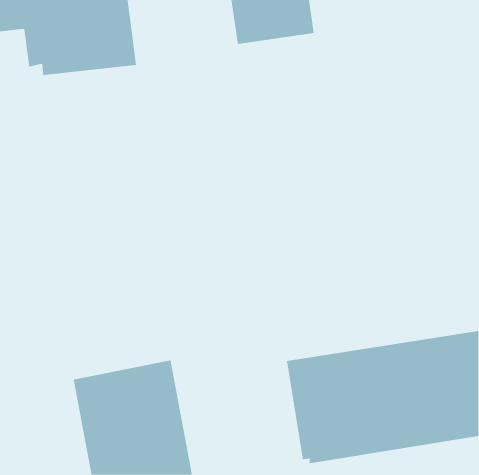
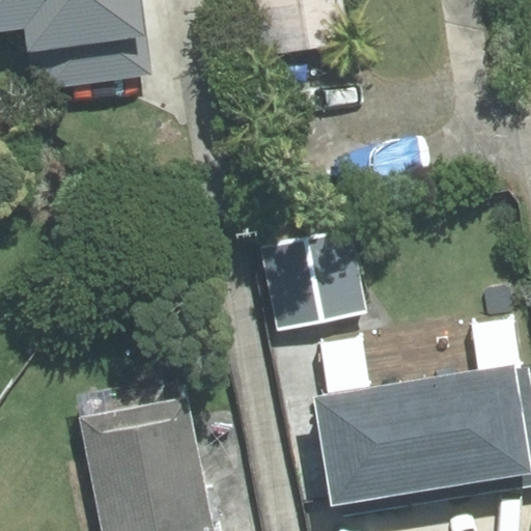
building: none -> [259,224,365,325]

